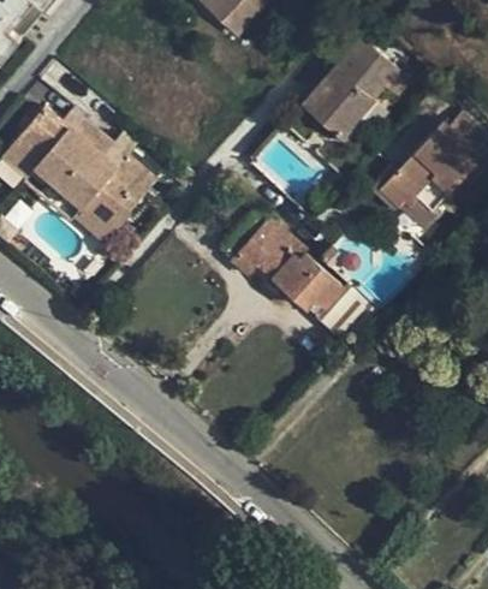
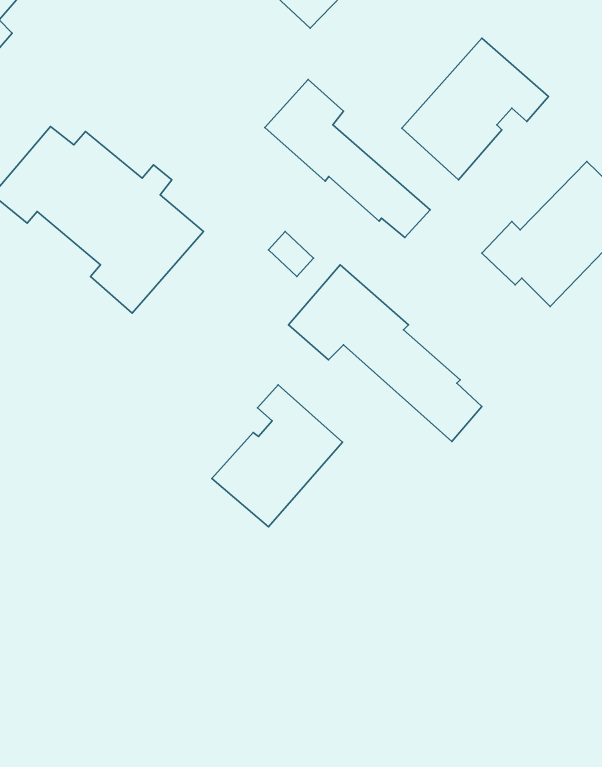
building: none -> [265,80,430,238]
building: none -> [212,385,343,527]

